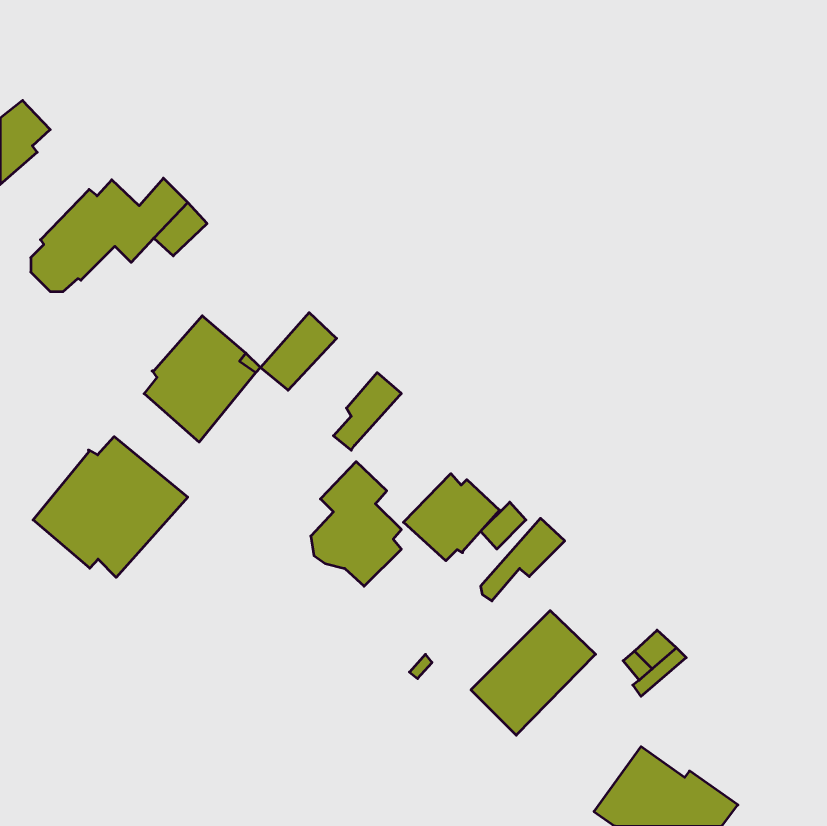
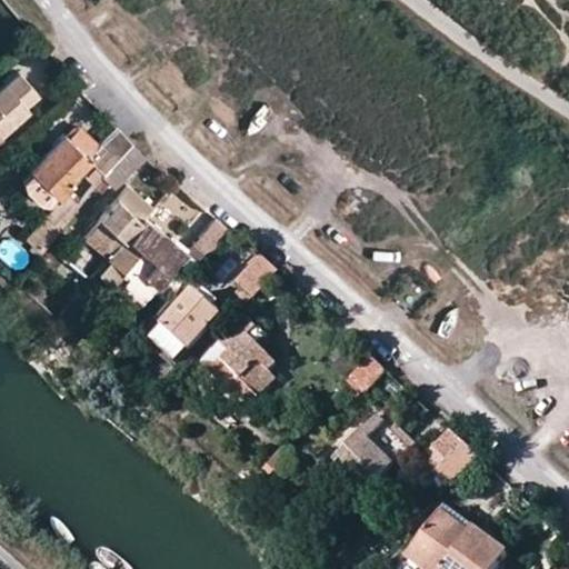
building: none -> [82,182,150,254]
building: none -> [159,292,219,355]
building: [33,437,188,577] -> none
building: [403,474,500,561] -> none

